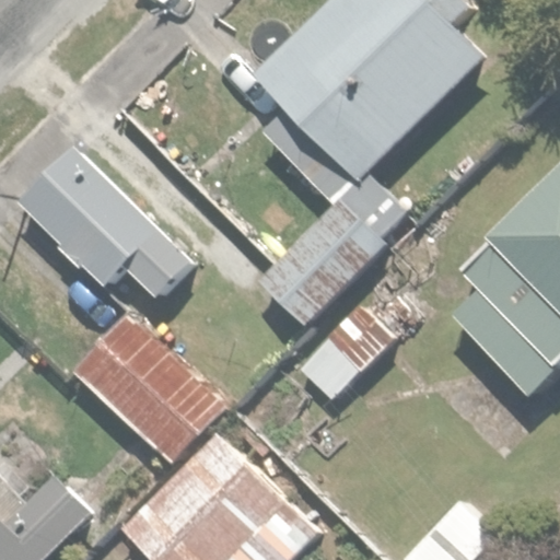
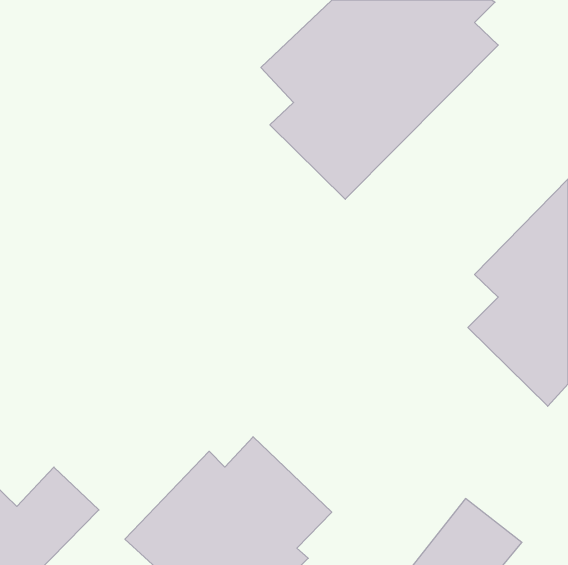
building: [12,136,215,298] -> none
building: [260,201,397,338] -> none
building: [71,312,222,460] -> none

